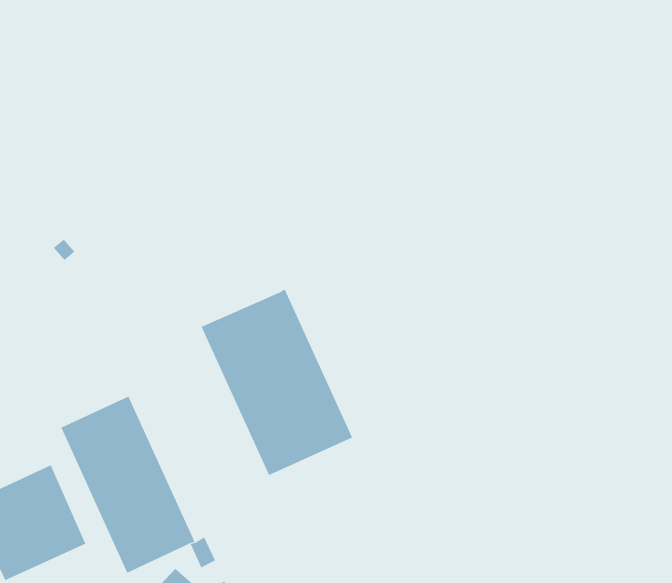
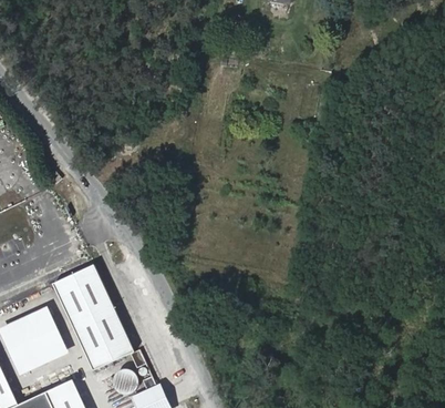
building: [201,289,353,476] -> none

